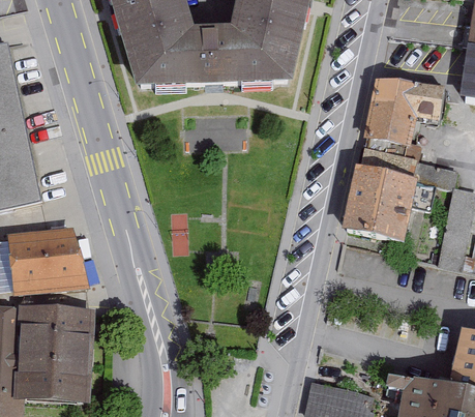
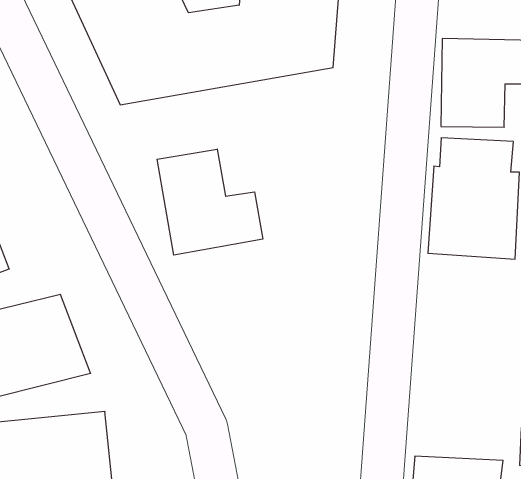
building: none -> [157,149,263,255]

